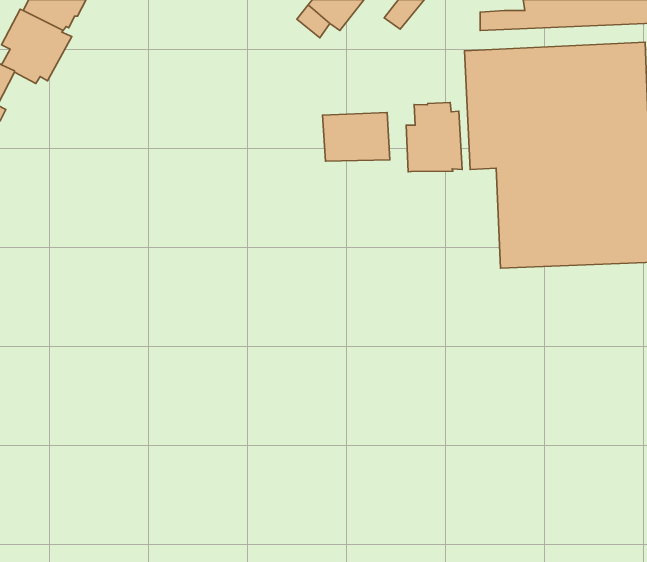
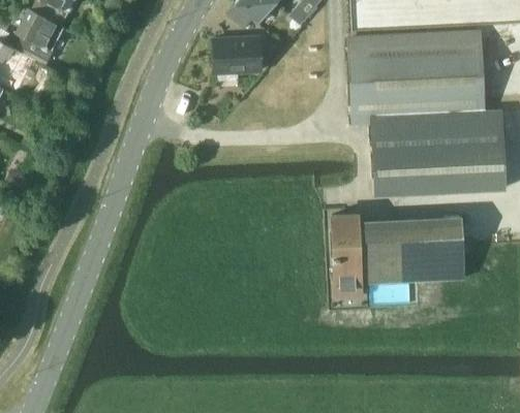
building: [406,102,462,172] -> none
building: [323,112,390,161] -> [212,36,261,71]
building: none -> [331,213,464,296]

